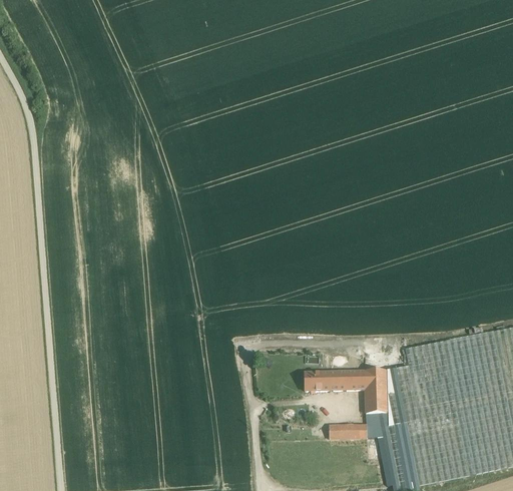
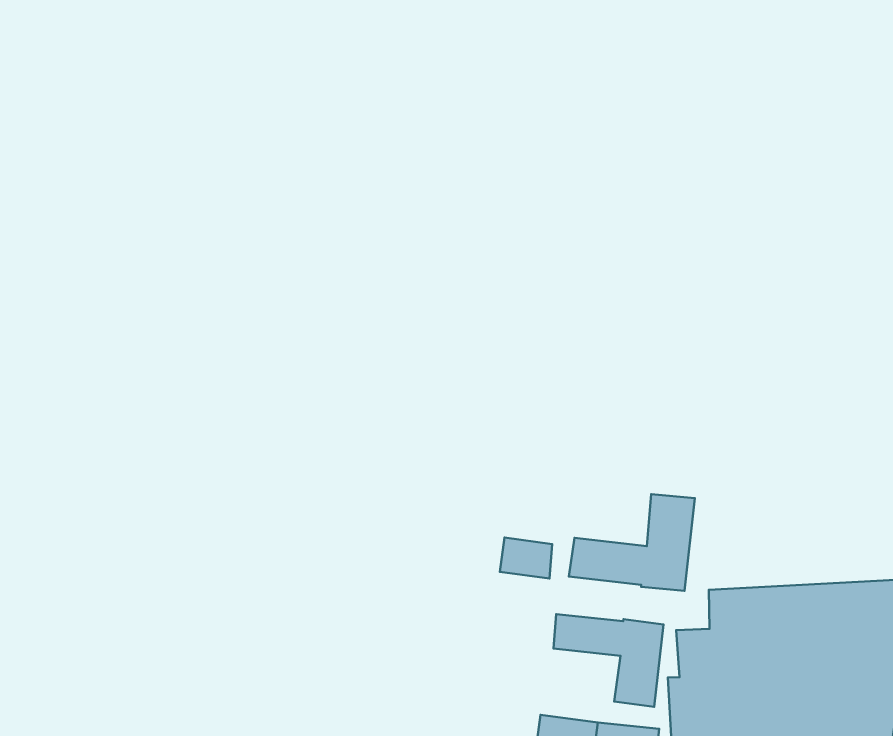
building: none -> [569,494,695,591]
building: [305,371,331,389] -> [500,538,552,579]

